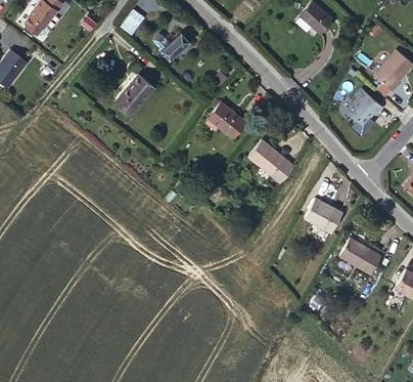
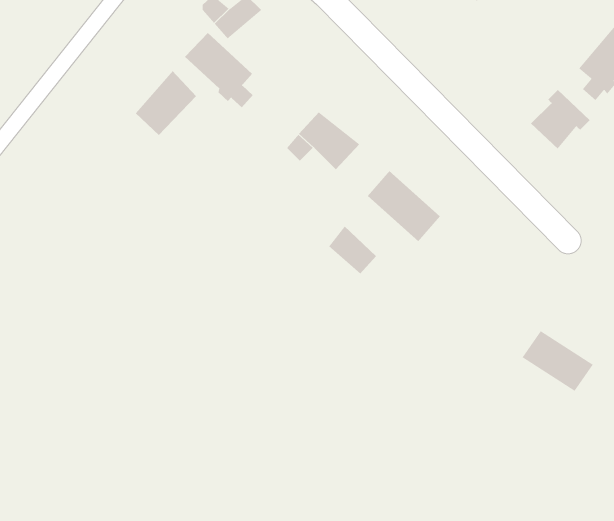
building: none -> [184,32,253,108]
building: none -> [328,225,377,275]
building: [304,198,339,229] -> none

